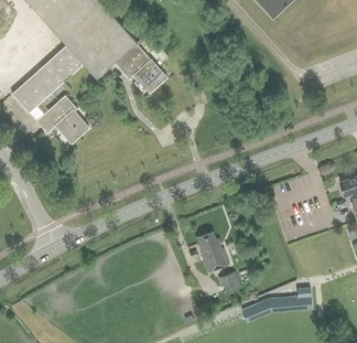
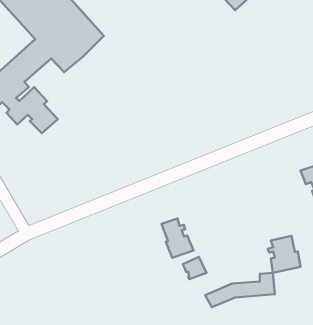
building: [116,42,166,93] -> none
building: none -> [268,236,300,273]

